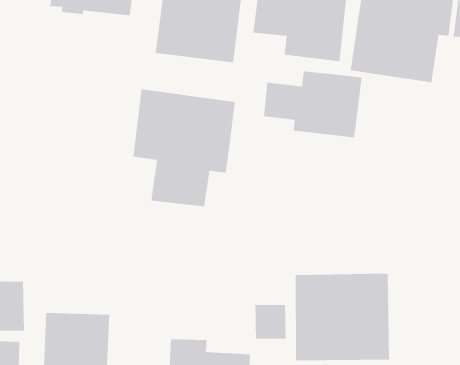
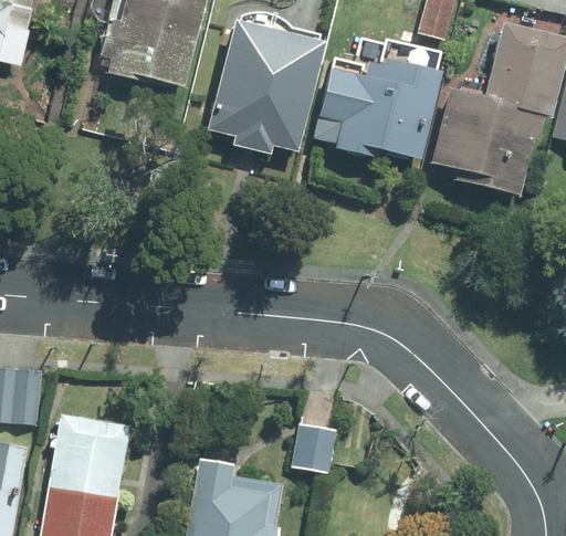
building: [264,71,362,138] -> none
building: [133,89,236,207] -> none
building: [295,273,390,361] -> none

